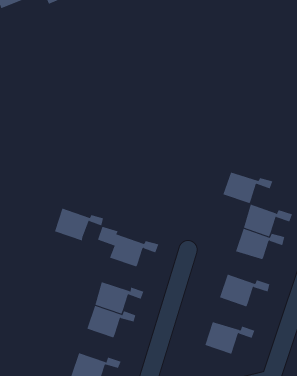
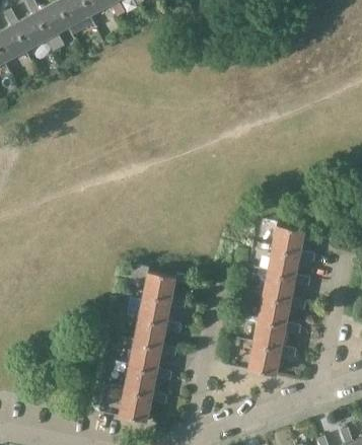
building: [223,172,273,204] -> [262,274,310,303]
building: [54,208,104,241] -> [138,295,186,325]
building: none -> [252,321,301,351]
building: none -> [124,368,171,398]

